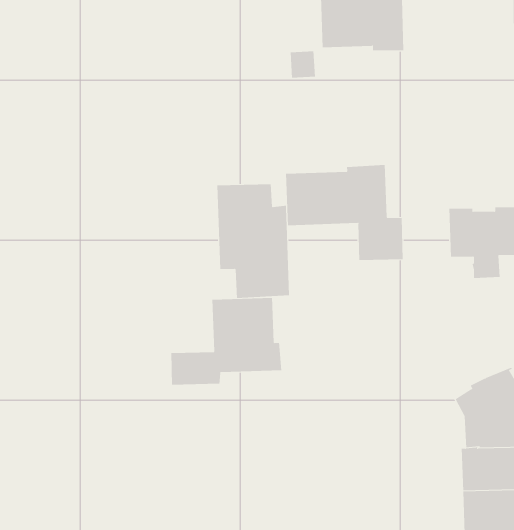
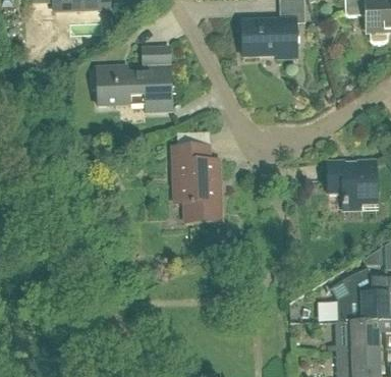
building: none -> [97,46,171,110]
building: [286,164,403,261] -> none
building: [171,297,282,385] -> none

